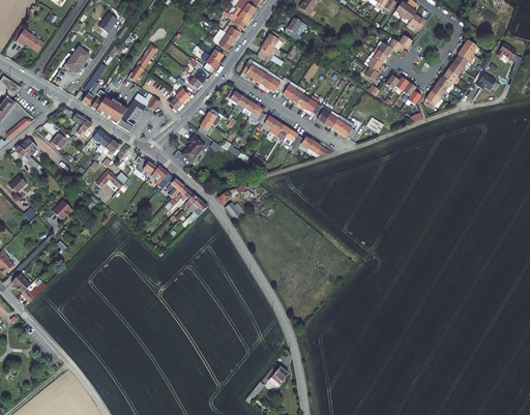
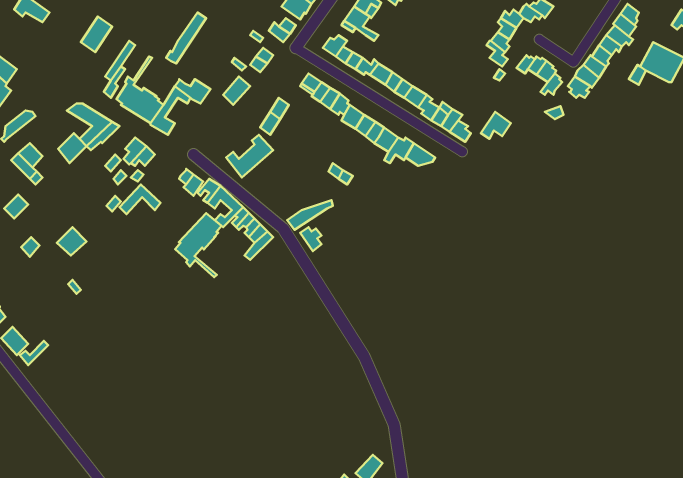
building: none -> [175,213,222,277]

